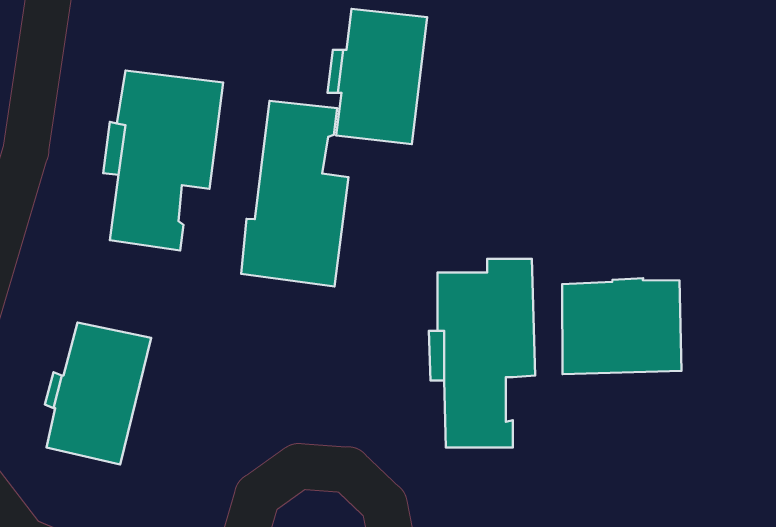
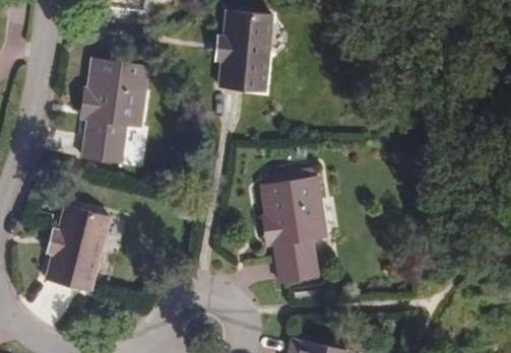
building: [241,101,348,287] -> none
building: [562,278,681,374] -> none

